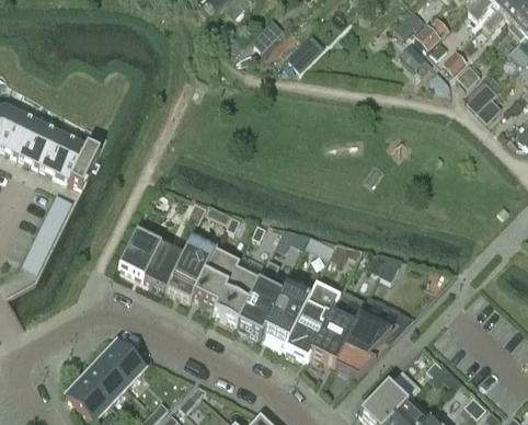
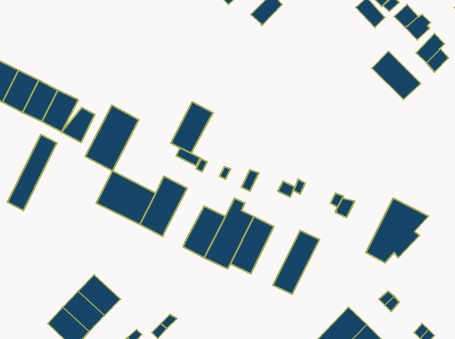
building: none -> [372,52,420,100]
building: none -> [85,105,139,171]
building: none -> [61,108,95,142]
building: [193,250,239,306] -> [171,102,213,153]
building: [284,282,340,358] -> none
building: [331,303,399,374] -> [366,198,429,263]

